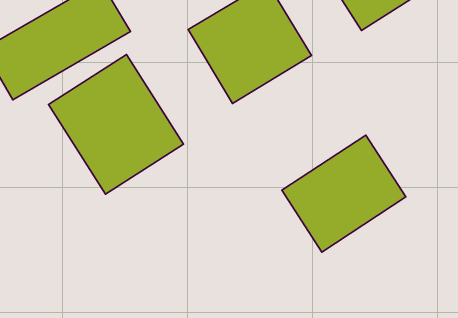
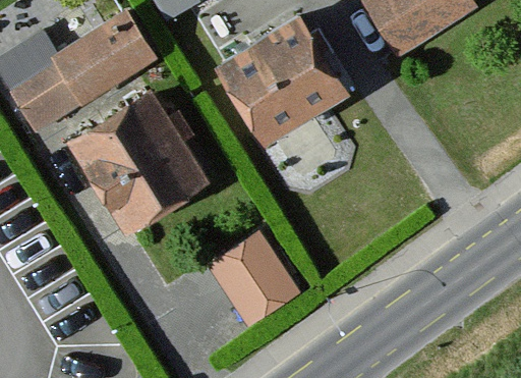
building: [282,135,406,252] -> none
building: none -> [211,224,310,324]

